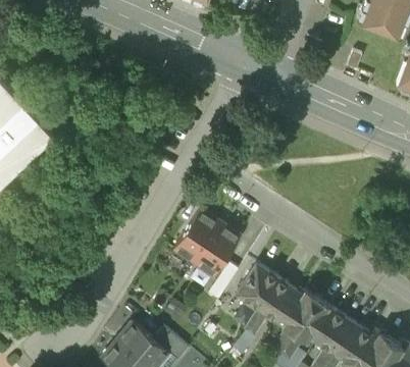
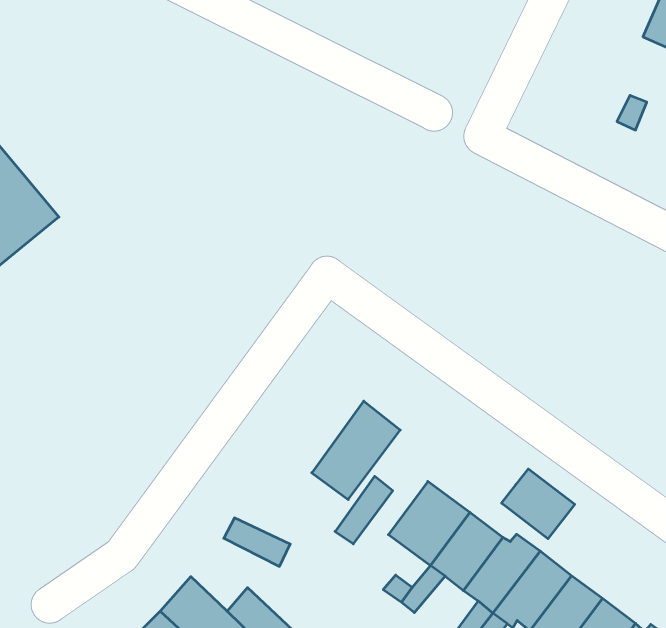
building: [173,211,219,264] -> none
building: none -> [502,469,575,539]

